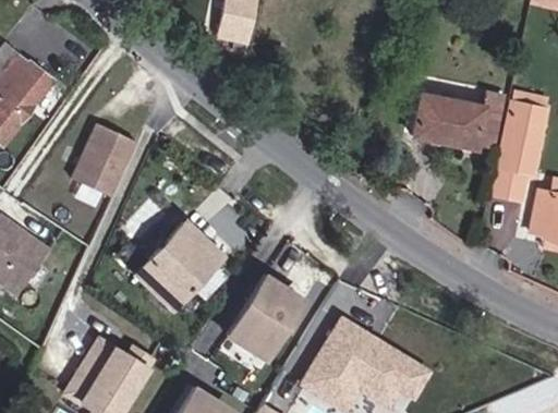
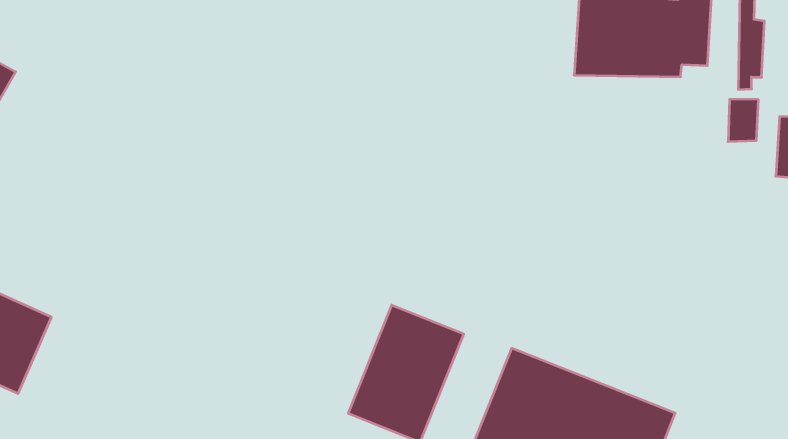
building: [69,127,133,202] -> none
building: [145,215,230,302] -> none

